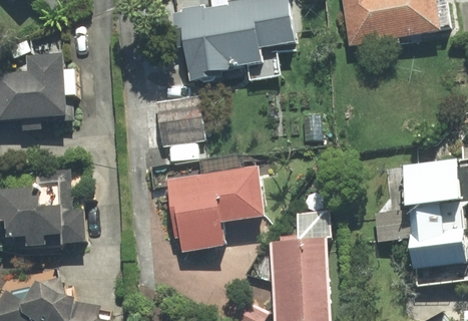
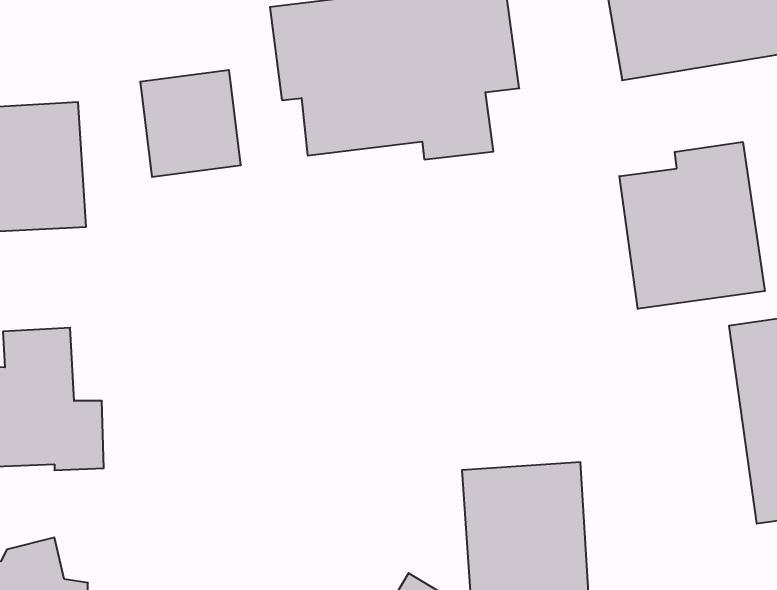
building: none -> [619,142,765,309]
building: [153,94,204,148] -> [140,70,241,177]
building: [165,163,265,248] -> none

